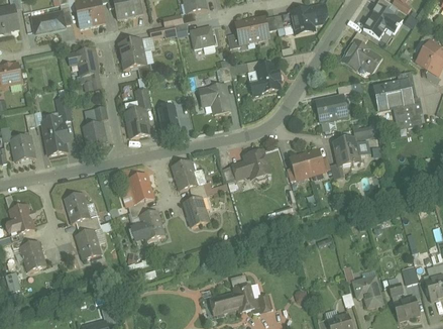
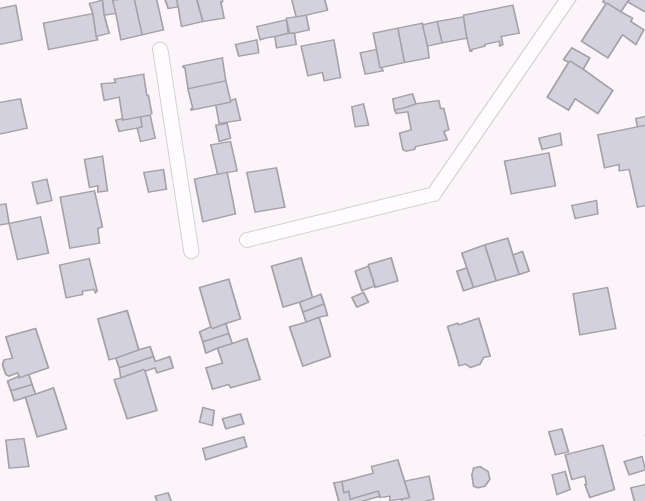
building: [198,83,229,113] -> none
building: [83,121,106,145] -> [60,258,97,298]
building: [333,136,359,166] -> [573,287,616,335]
building: [243,148,269,179] -> [448,318,490,367]

